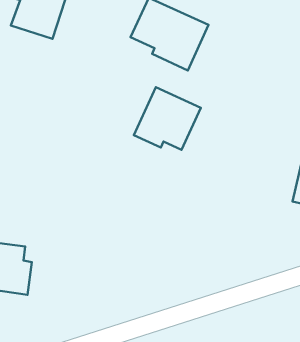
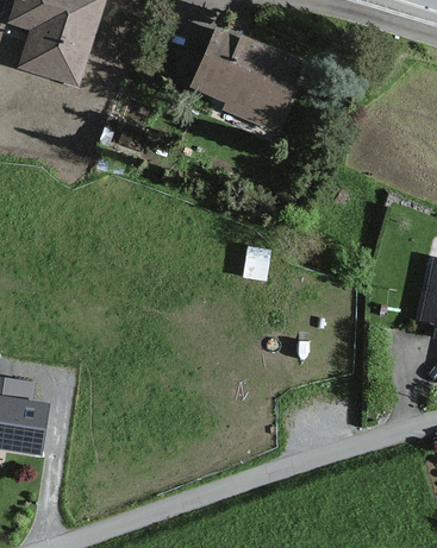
building: [134,87,201,150] -> none

